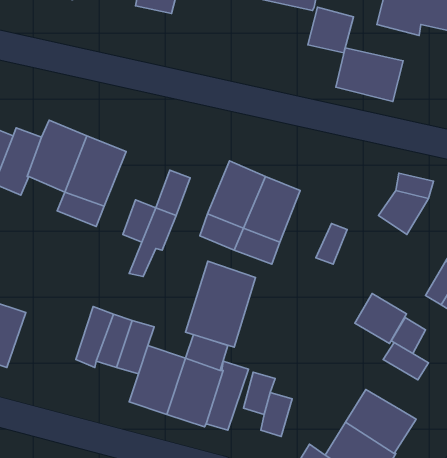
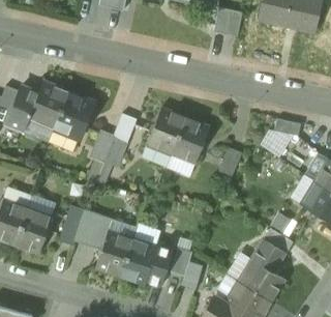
building: [336,48,403,101] -> none
building: [185,261,255,347] -> none
building: [355,294,407,344] -> [251,239,285,272]
building: none -> [14,208,52,253]

